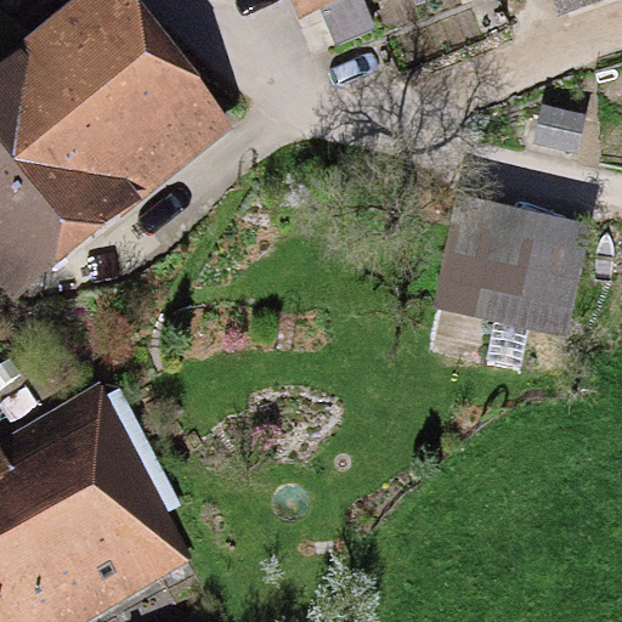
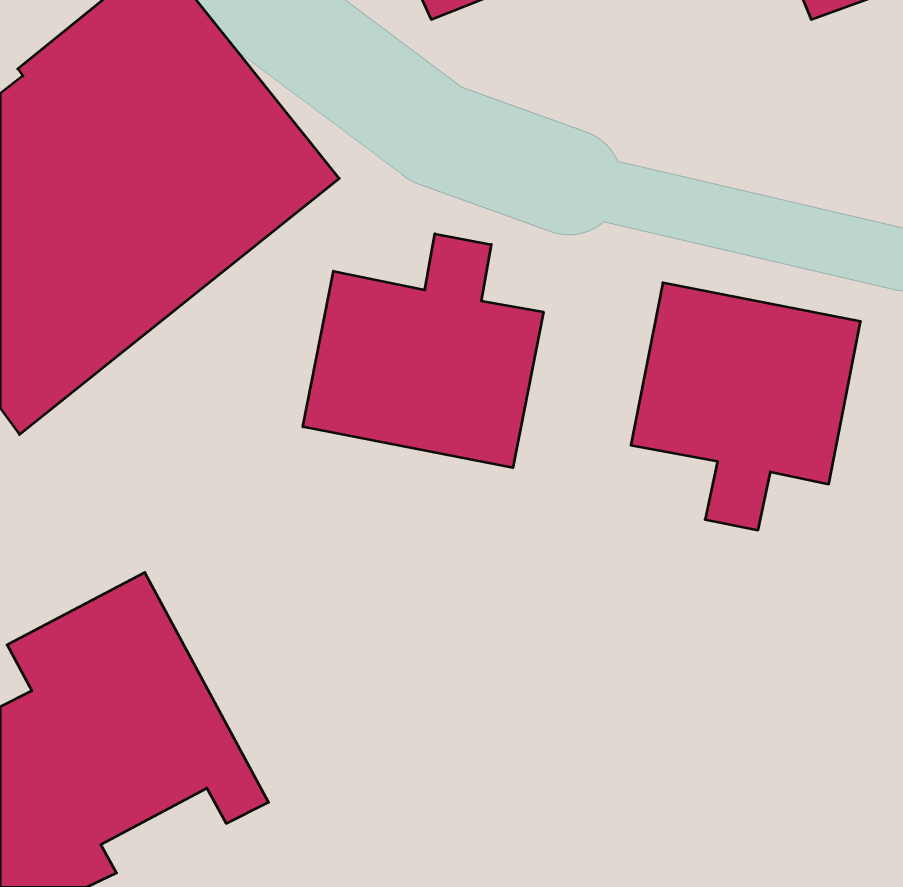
building: none -> [303,234,543,468]

